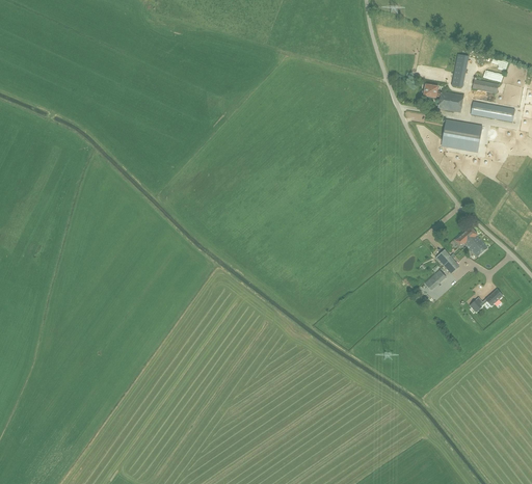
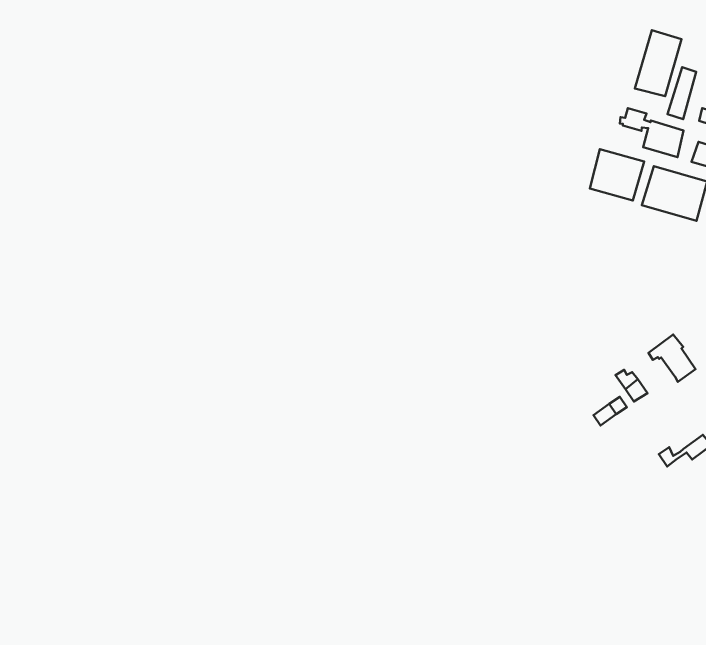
building: none -> [635,30,682,96]
building: none -> [590,149,644,200]

